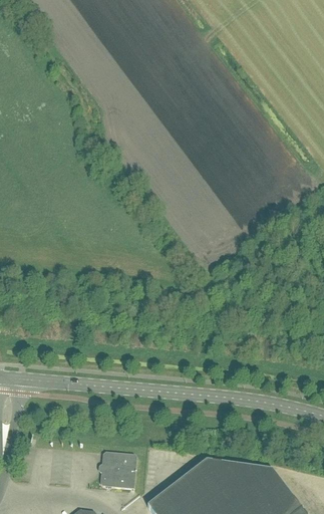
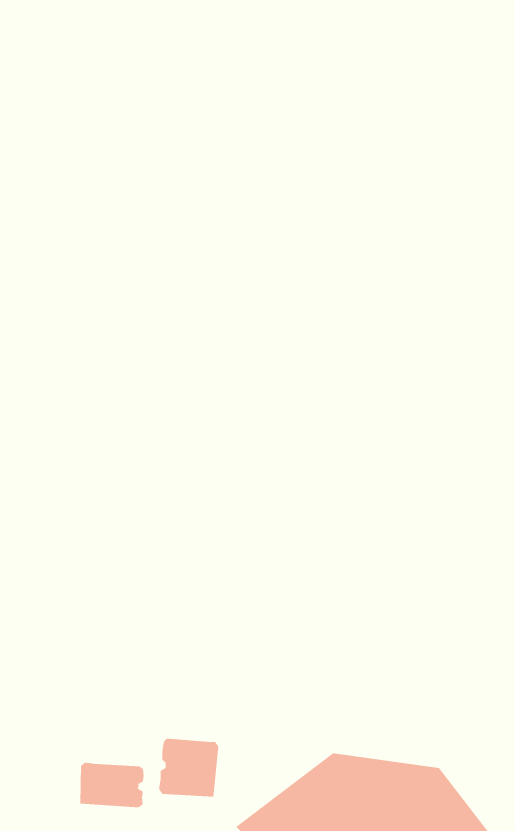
building: none -> [80,762,144,808]

